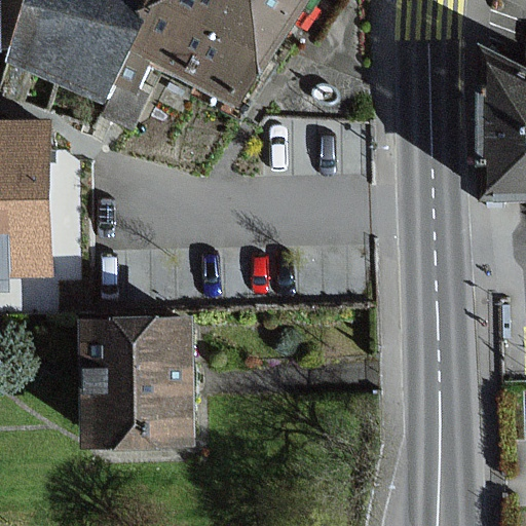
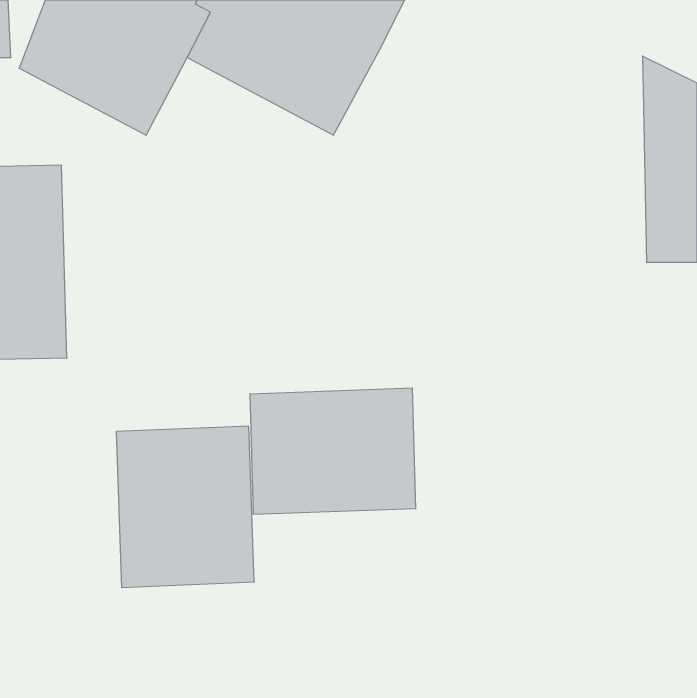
building: none -> [250,388,416,514]

